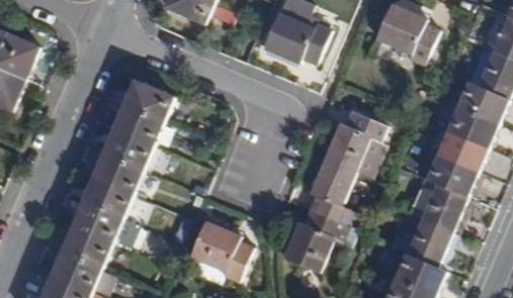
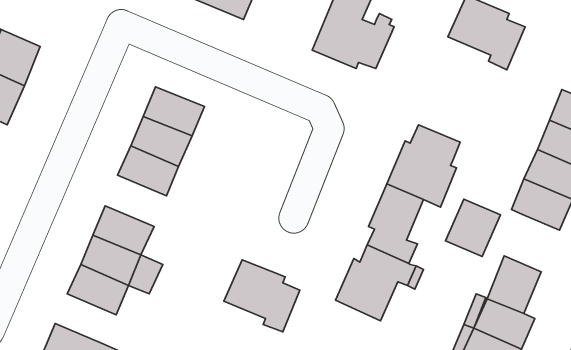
building: [91,152,142,194] -> none
building: [421,184,466,231] -> [446,199,501,257]
building: [50,250,100,291] -> none

